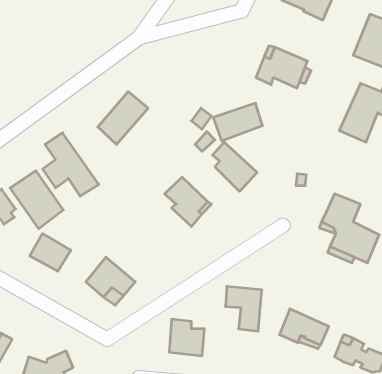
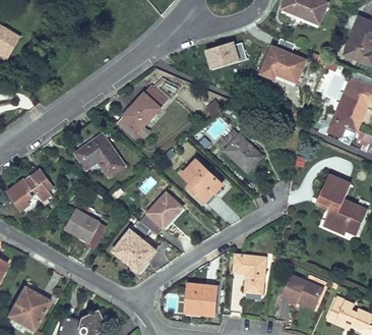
building: [213,103,263,141] -> [203,41,246,73]
building: [10,171,63,229] -> none
building: none -> [139,192,182,234]

